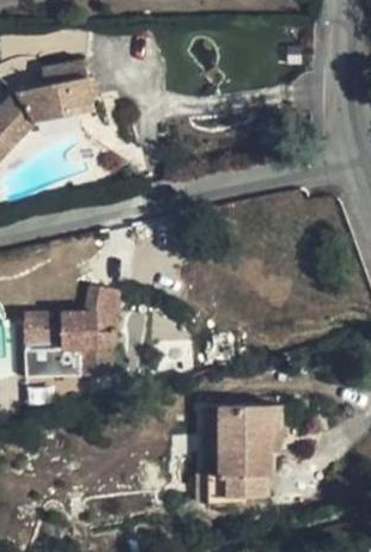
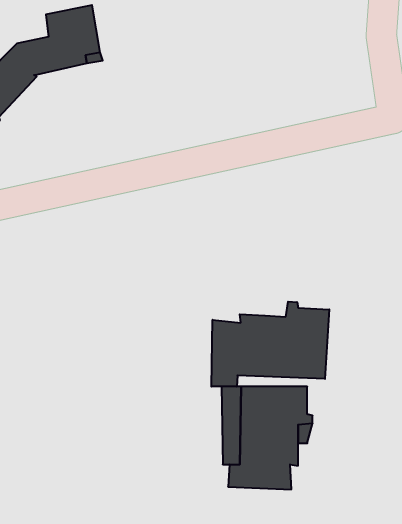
building: [23,283,118,376] -> none
building: none -> [211,302,329,387]

